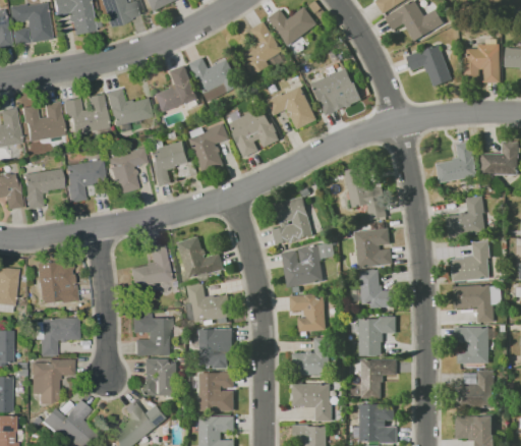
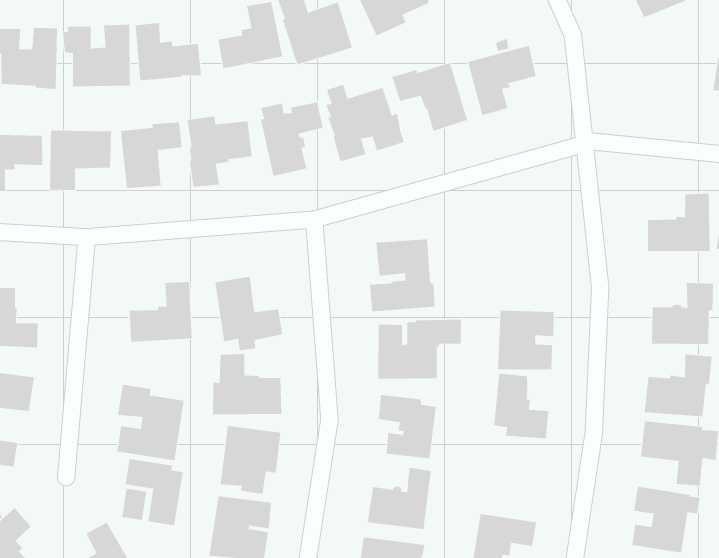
building: [407,43,453,87] -> none
building: [345,167,388,219] -> none
building: [359,316,397,355] -> none

